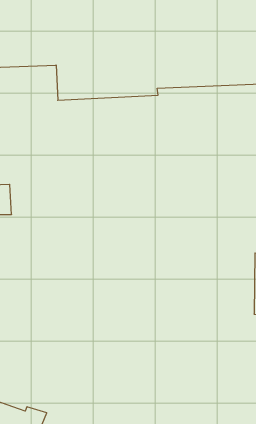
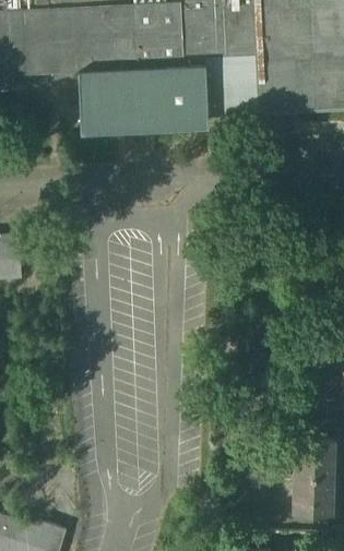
building: none -> [286,435,333,515]

